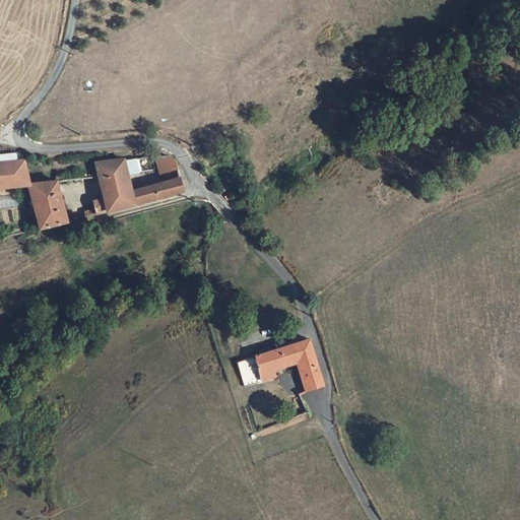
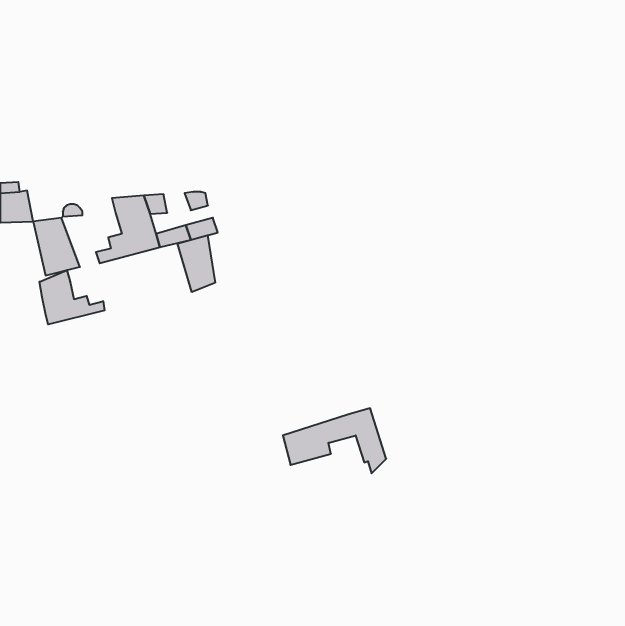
building: none -> [178,235,215,292]
building: none -> [39,270,105,324]

